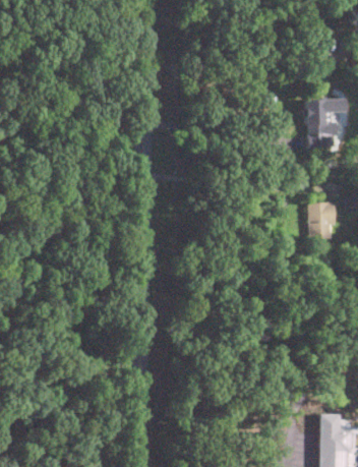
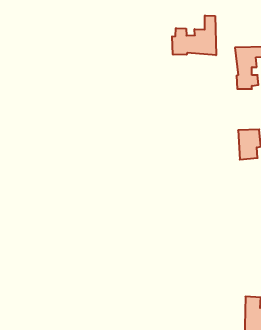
building: none -> [172,15,216,55]

